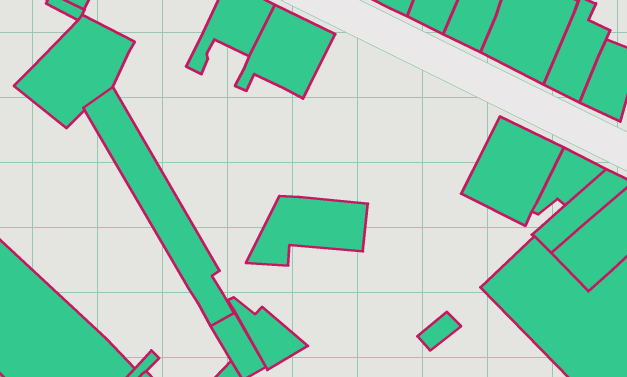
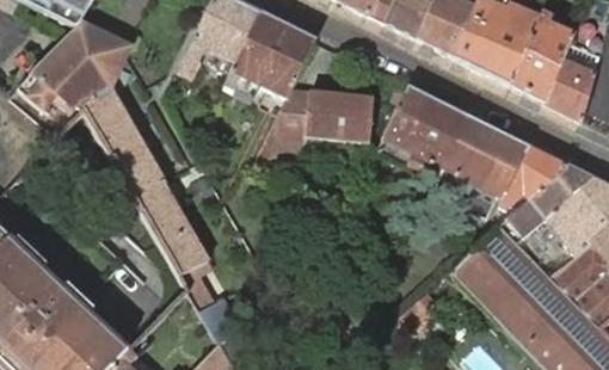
building: none -> [379,86,469,177]
building: [246,196,368,265] -> [260,90,374,154]
building: [227,297,308,370] -> none

